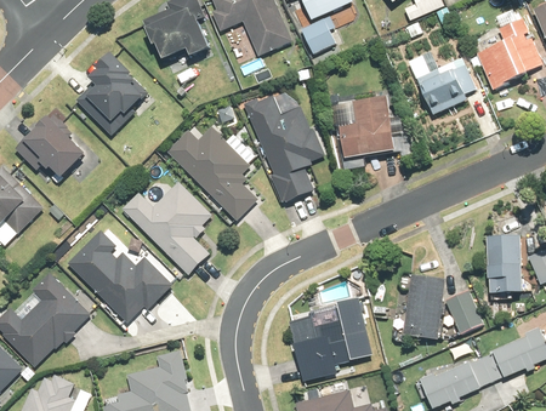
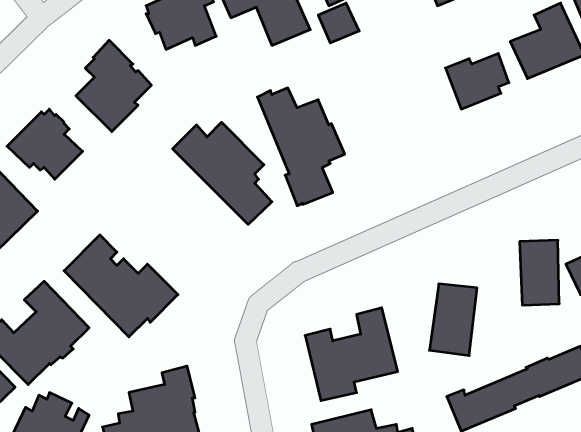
building: [337,95,394,158] -> none
building: [121,181,211,274] -> none
building: [444,289,484,335] -> none

